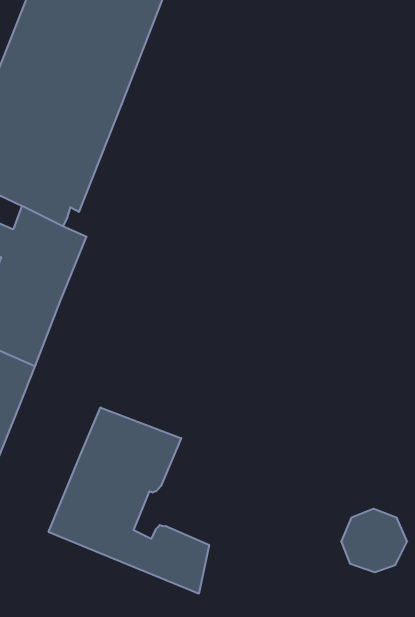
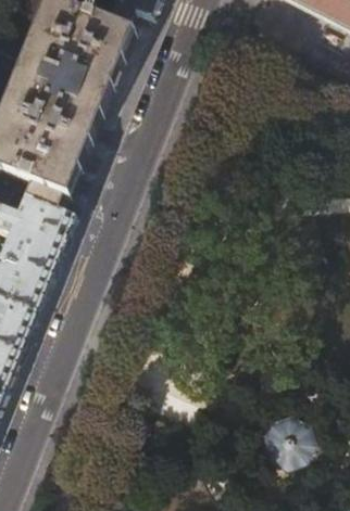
building: [49,407,209,594] -> none

